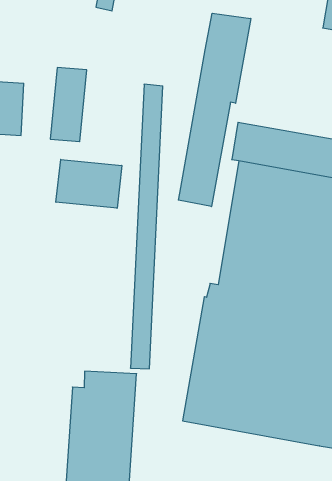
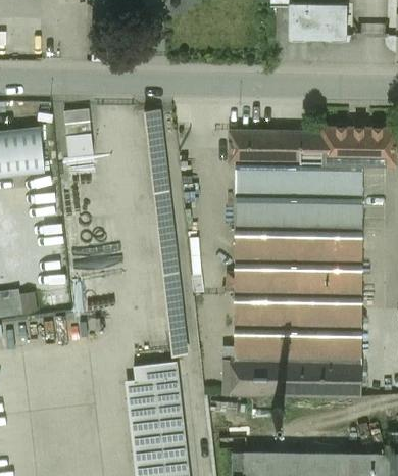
building: [178,13,251,207] -> none
building: [56,159,122,208] -> none

